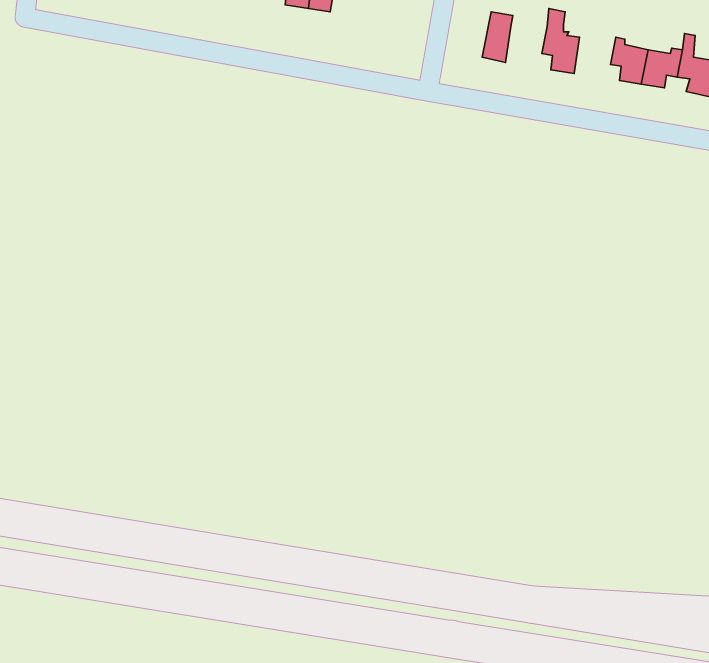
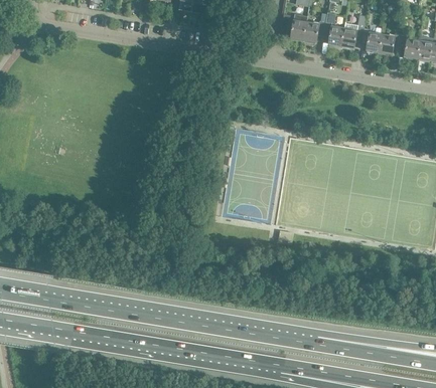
building: none -> [340,14,366,49]
building: none -> [302,20,325,43]

